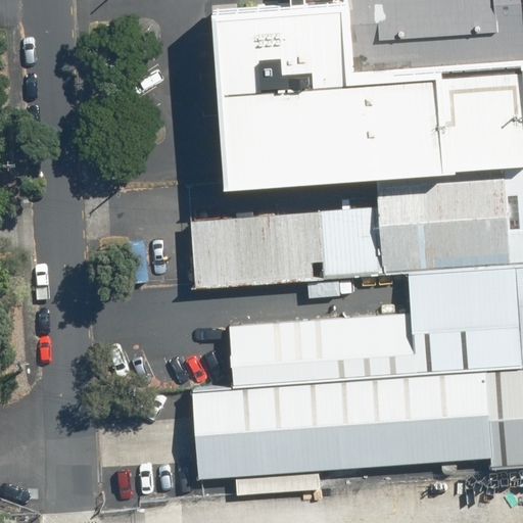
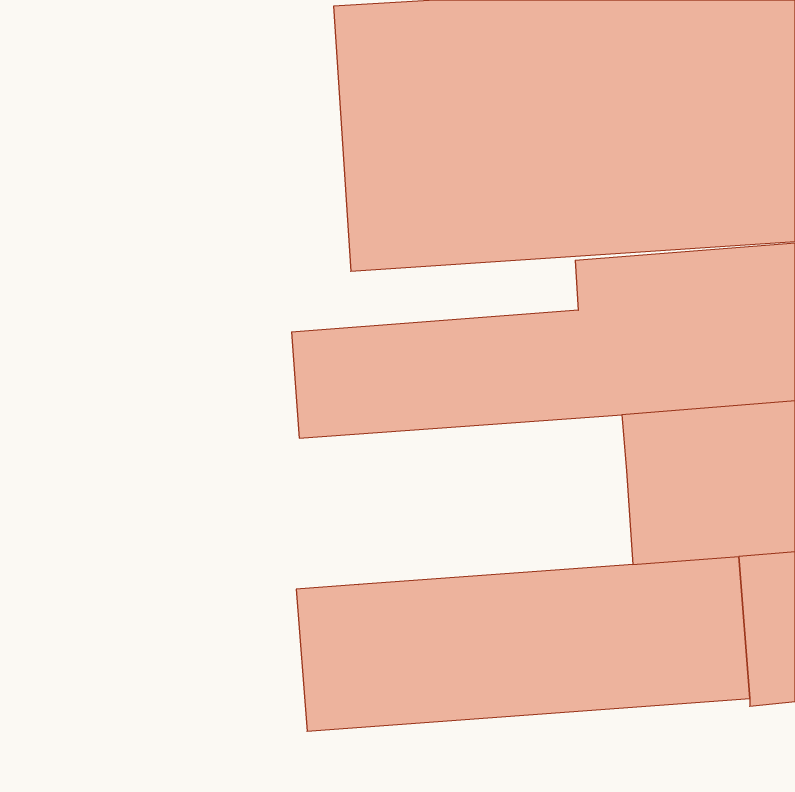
building: [230,312,415,386] -> none

